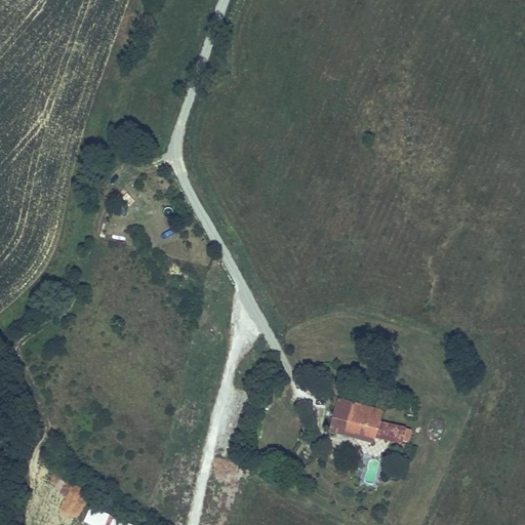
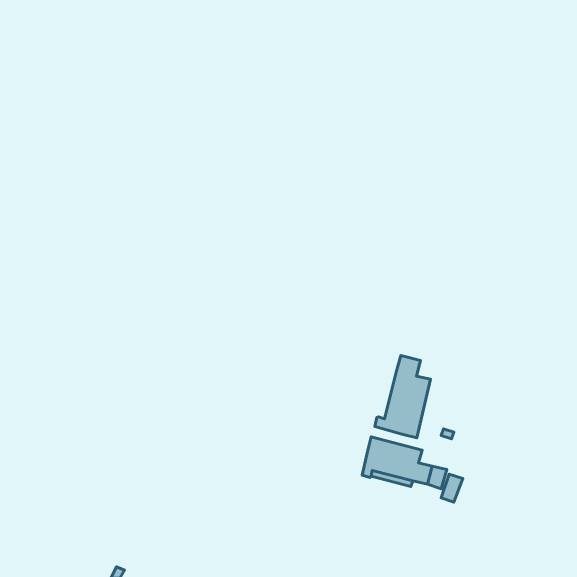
building: none -> [375,356,430,438]

